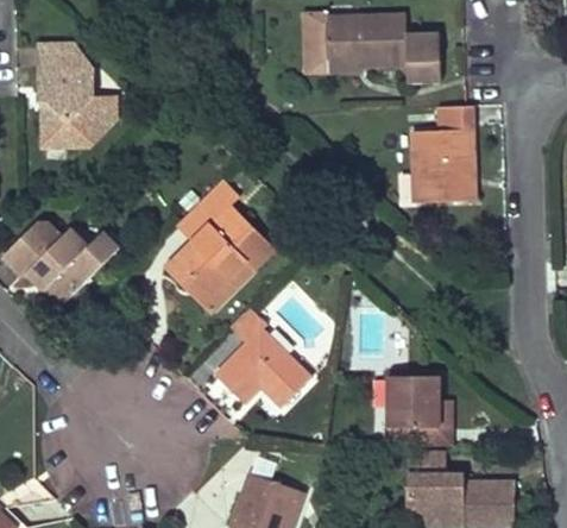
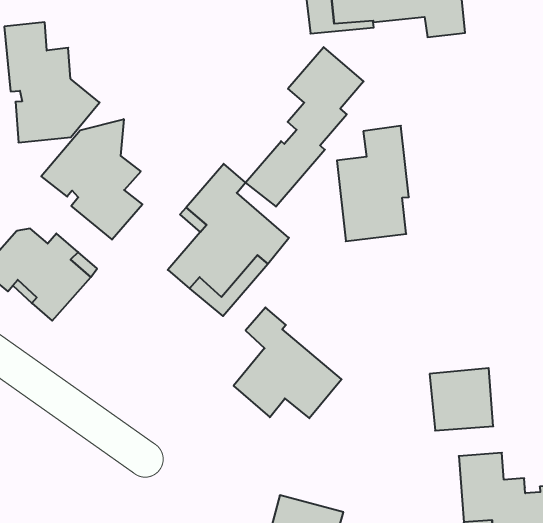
building: none -> [245,47,364,207]
building: [412,106,473,203] -> [337,126,409,241]
building: none -> [41,119,142,240]

